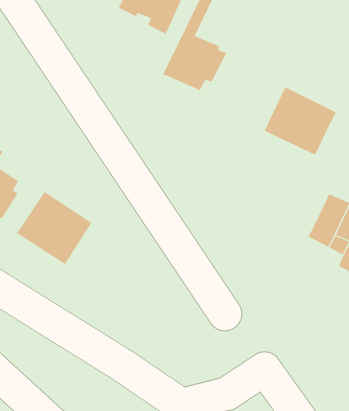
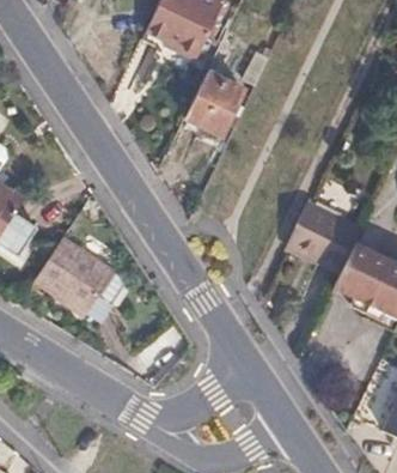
building: [264,86,336,155] -> [287,199,361,269]

